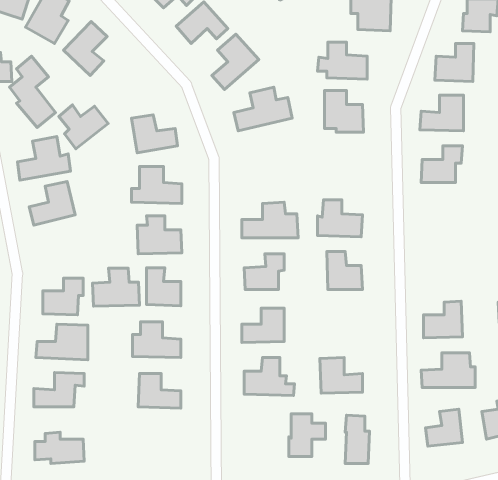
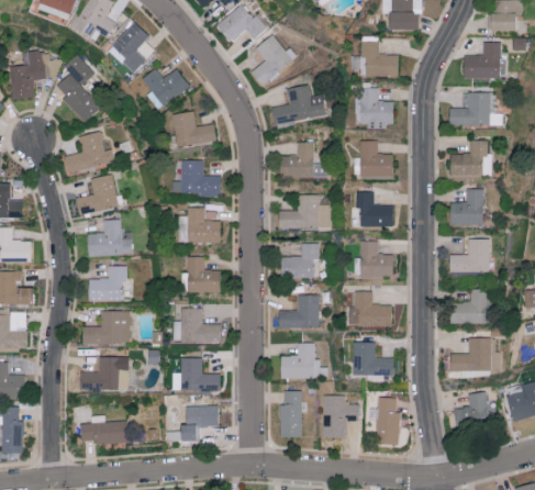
building: [59,105,108,149] -> [142,68,189,110]
building: none -> [359,141,393,179]
building: none -> [279,142,314,177]
building: none -> [450,189,483,226]
building: none -> [450,238,491,272]
building: [92,268,140,306] -> [87,220,132,256]
building: none -> [349,291,392,327]
building: none -> [279,391,301,436]
building: none -> [179,404,218,439]

